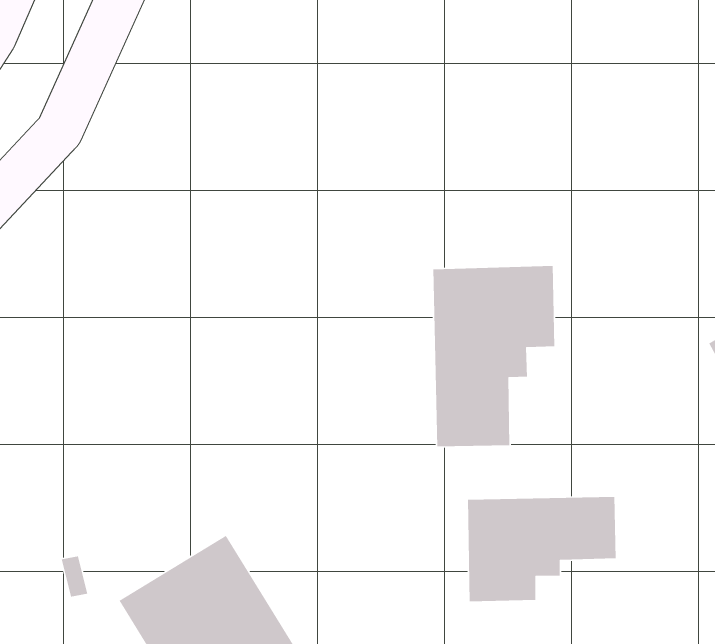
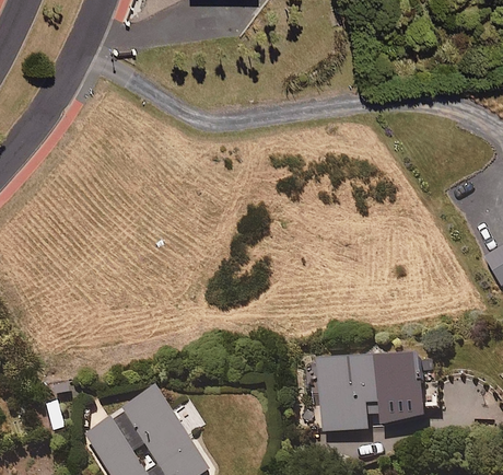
building: [433,265,555,447] -> none

